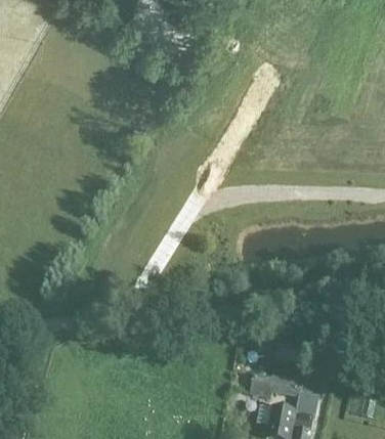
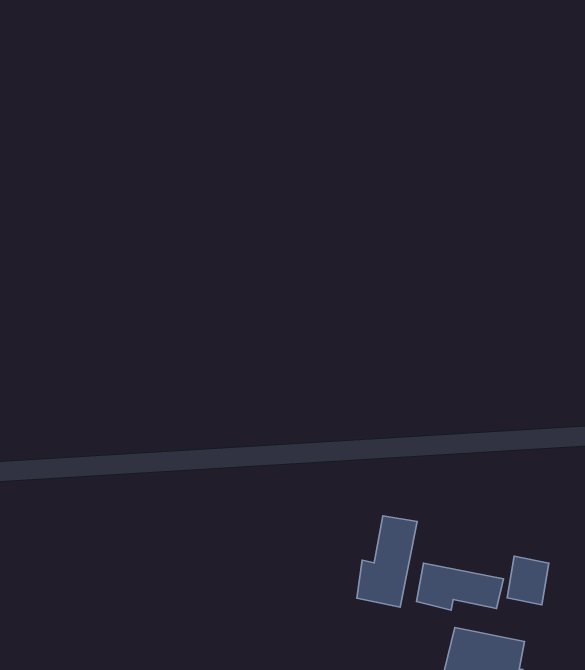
building: none -> [357,516,417,607]

